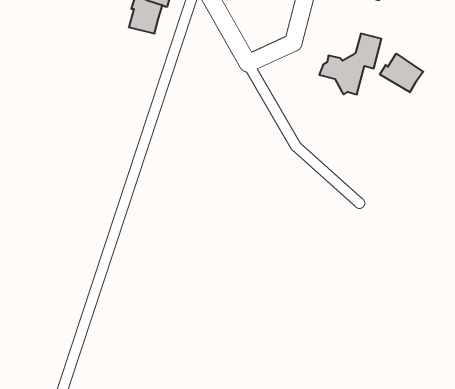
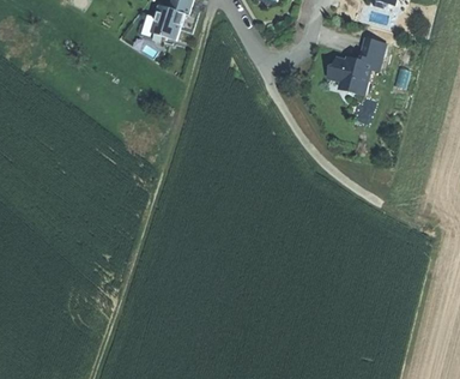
building: [380,54,423,92] -> none

